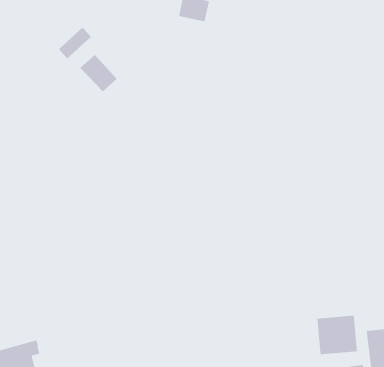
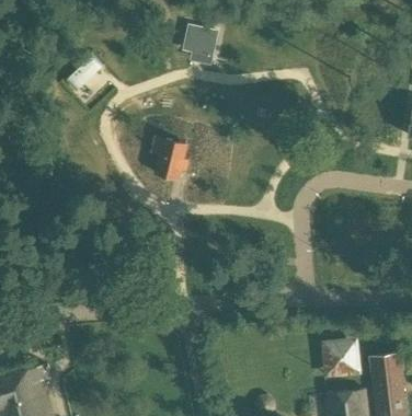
building: [79,54,117,92] -> none
building: none -> [157,138,188,178]

